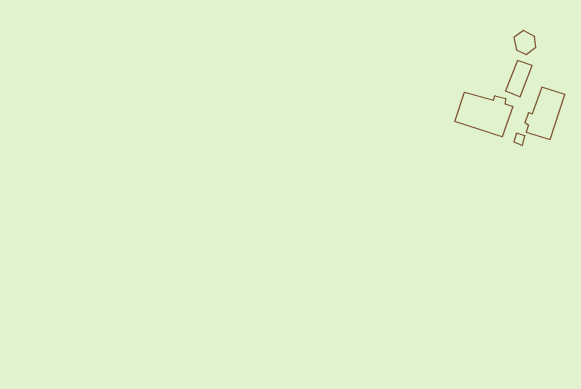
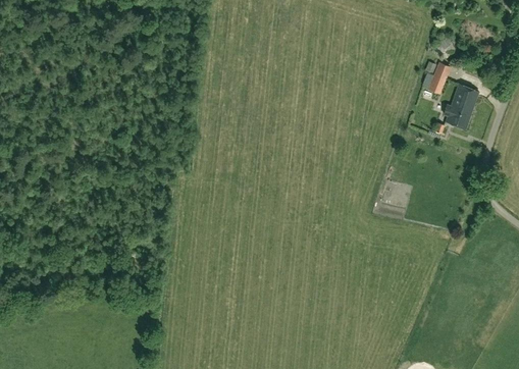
building: [455,92,513,137] -> none

